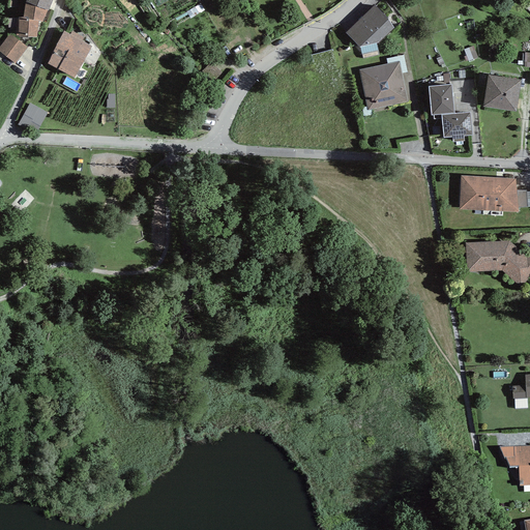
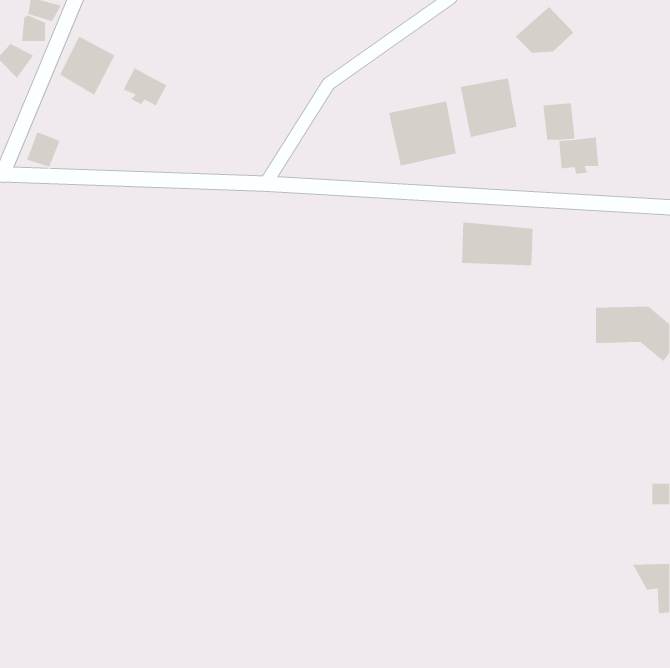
building: [349,6,395,43] -> [515,6,574,53]
building: none -> [123,67,167,106]
building: [487,73,522,108] -> none
building: none -> [388,101,457,167]
building: [461,175,518,210] -> [461,222,533,266]

